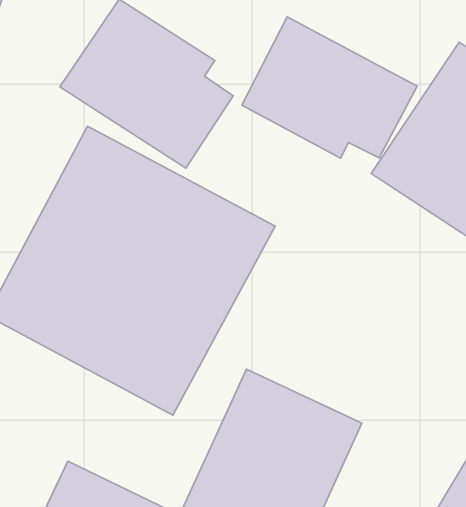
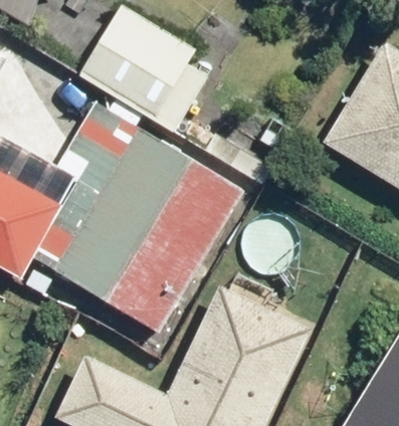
building: [242,17,417,158] -> none

